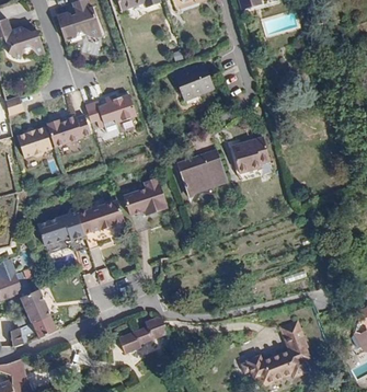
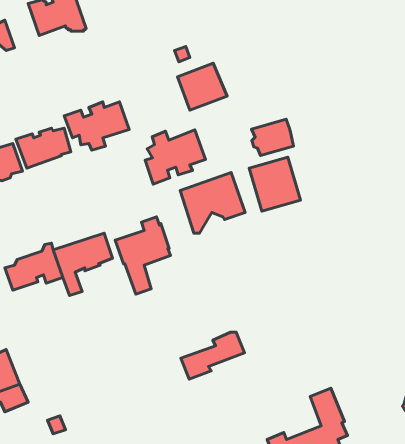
building: none -> [252,119,294,155]
building: none -> [145,130,205,184]
building: [117,316,168,354] -> [181,332,244,379]

